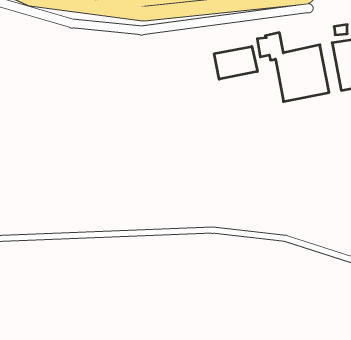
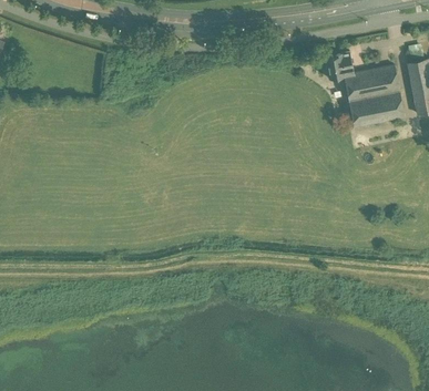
building: [214,46,257,79] -> none

